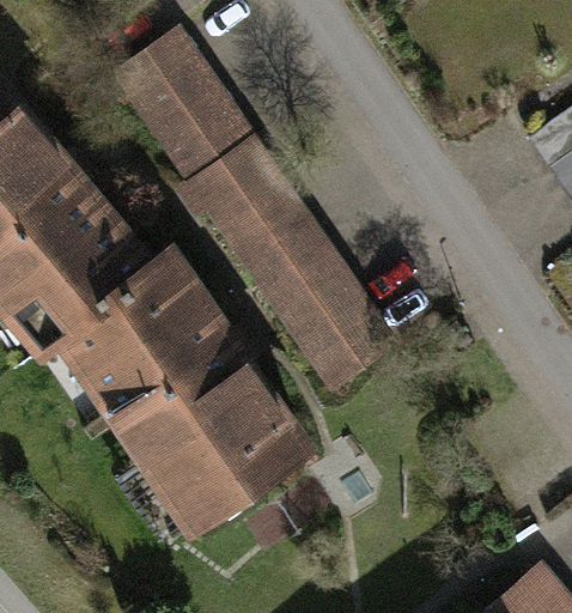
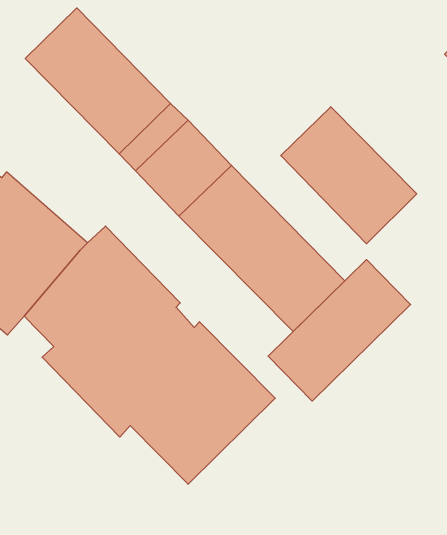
building: none -> [281,107,417,244]
building: none -> [268,260,411,401]

